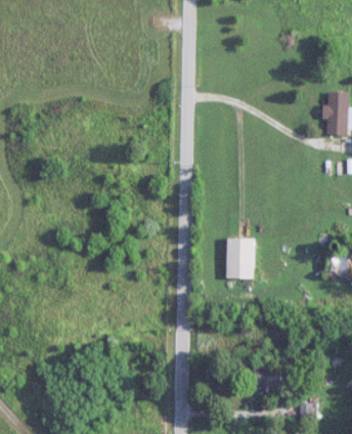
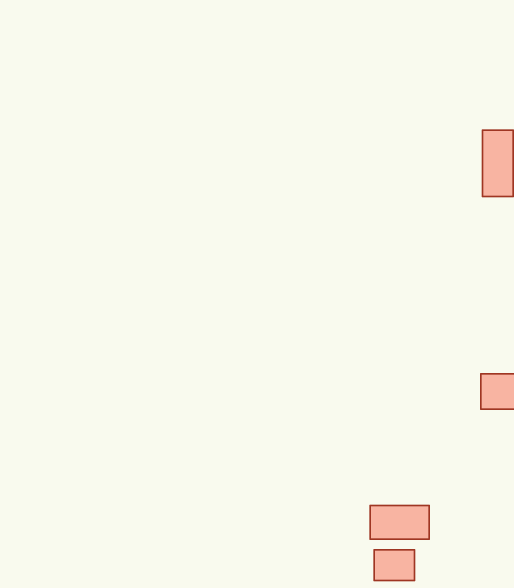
building: [226,238,254,278] -> none
building: none -> [370,505,429,539]

